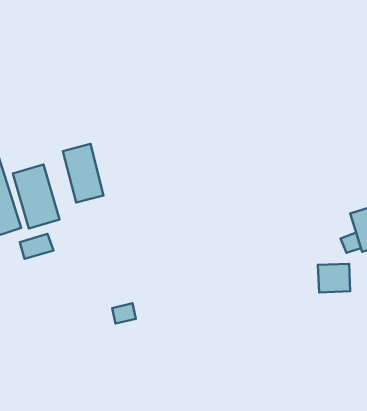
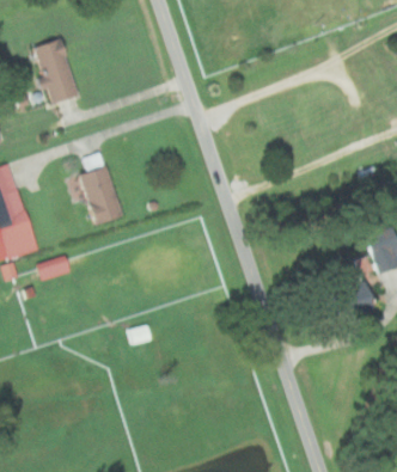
building: none -> [35,37,79,102]
building: [13,164,60,228] -> none

